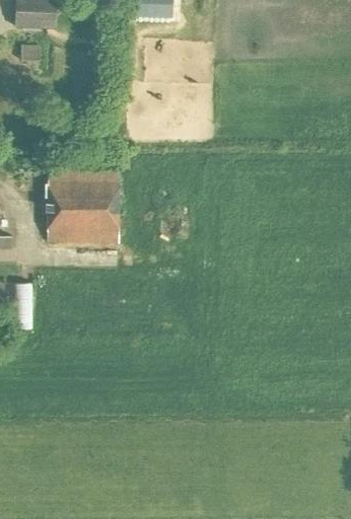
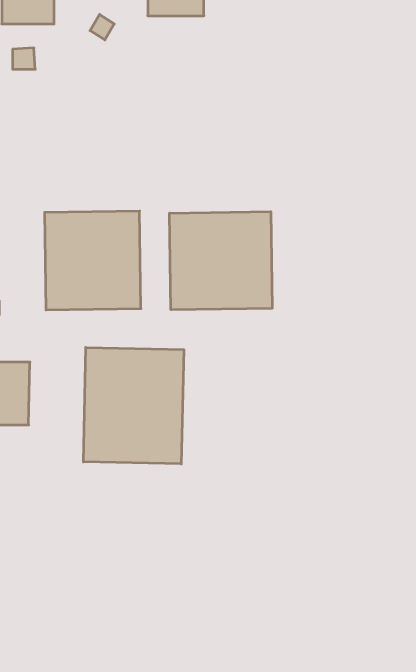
building: none -> [170,212,272,310]
building: none -> [83,347,184,464]

